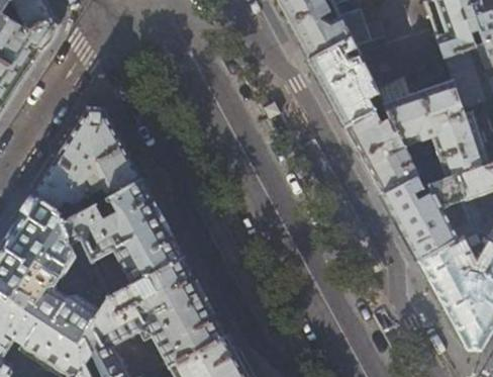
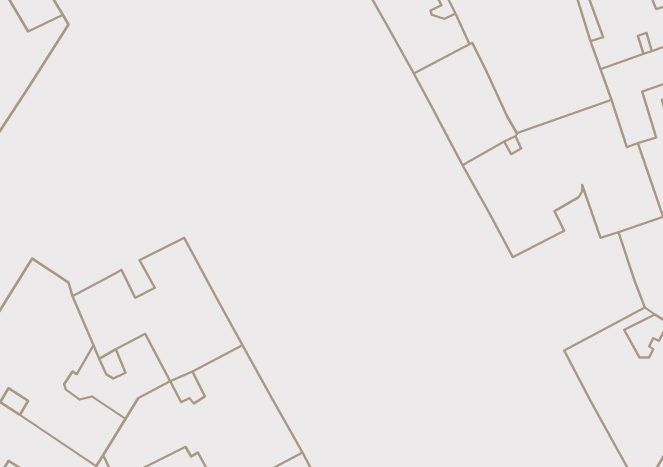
building: [32,107,142,221] -> none
building: [381,175,477,261] -> none

